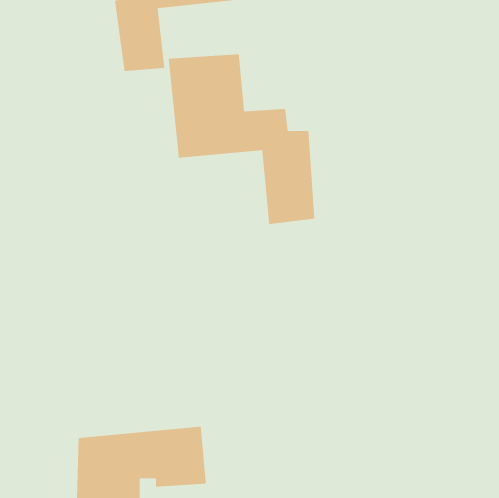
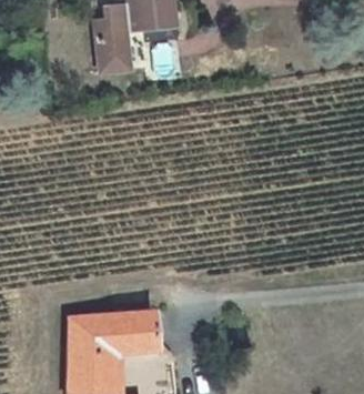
building: [168,53,315,225] -> none

